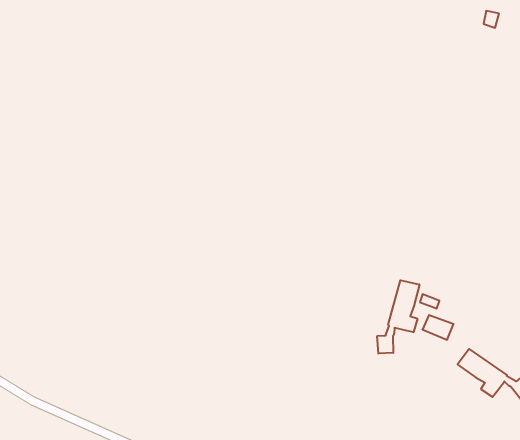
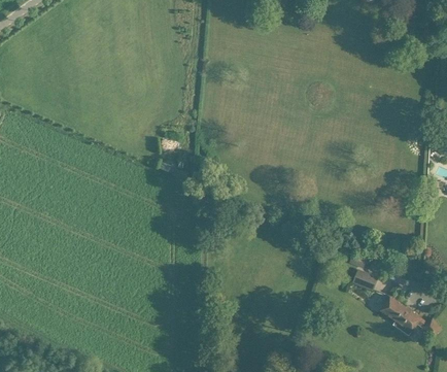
building: [377,280,419,354] -> none

